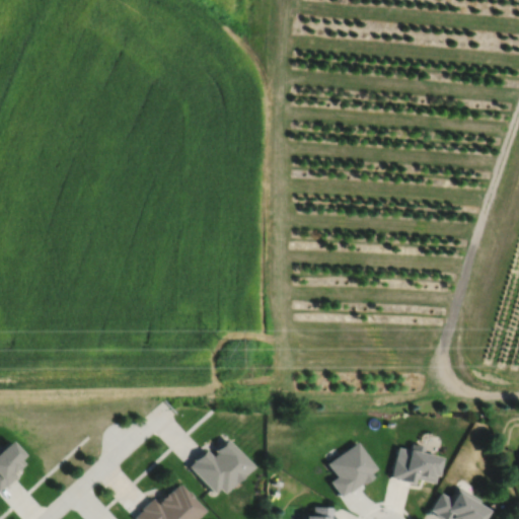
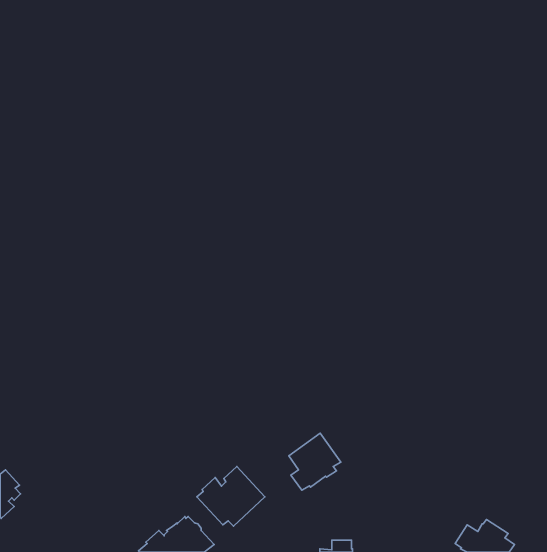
building: [330,442,379,496] -> [289,433,341,490]
building: [392,443,442,485] -> none

